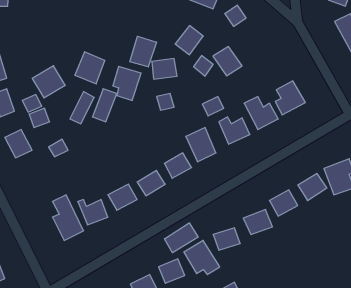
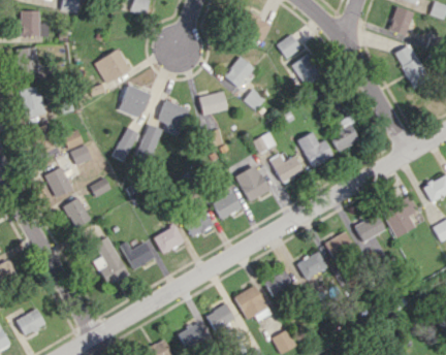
building: [130,36,157,67] -> none
building: [213,47,242,76] -> [291,55,322,86]
building: [32,66,65,98] -> [95,50,130,84]
building: none -> [63,197,91,228]
building: [164,223,198,253] -> none

